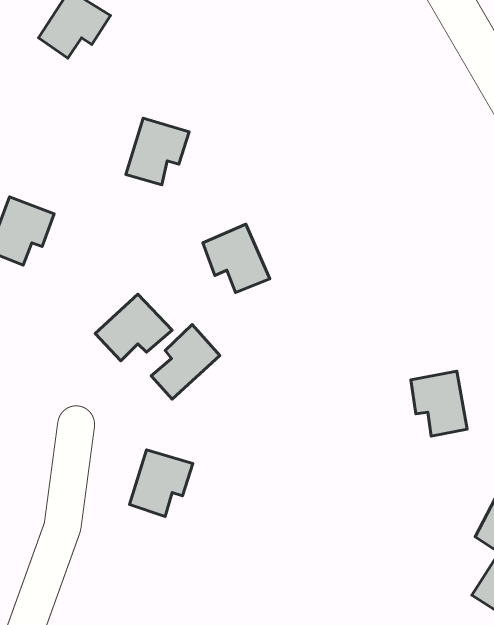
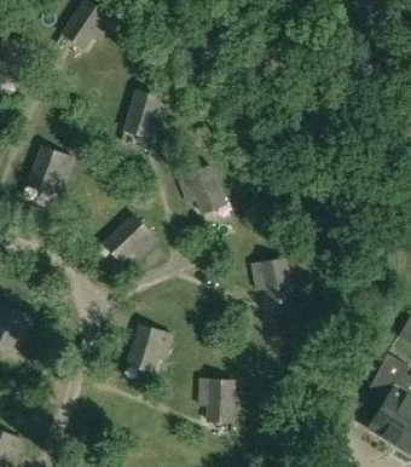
building: [151,324,220,399] -> none
building: [411,371,467,436] -> [251,259,291,305]
building: none -> [198,380,233,422]

